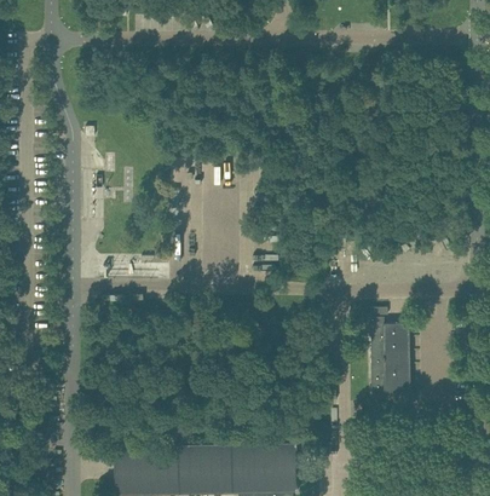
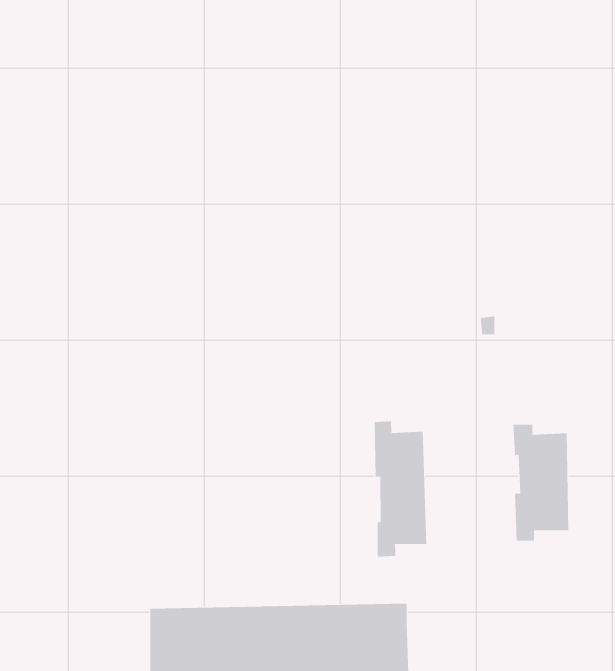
building: none -> [374,420,427,558]

